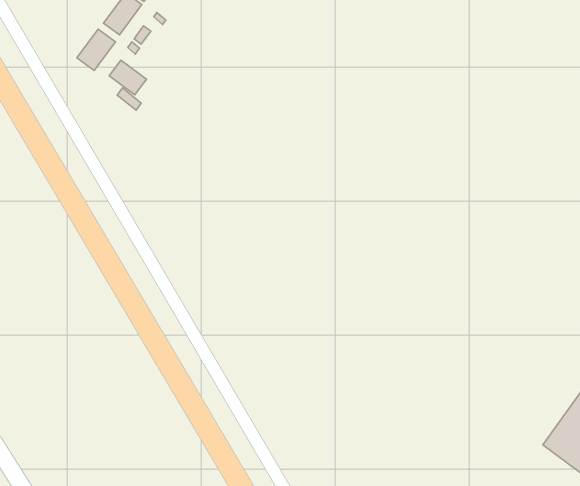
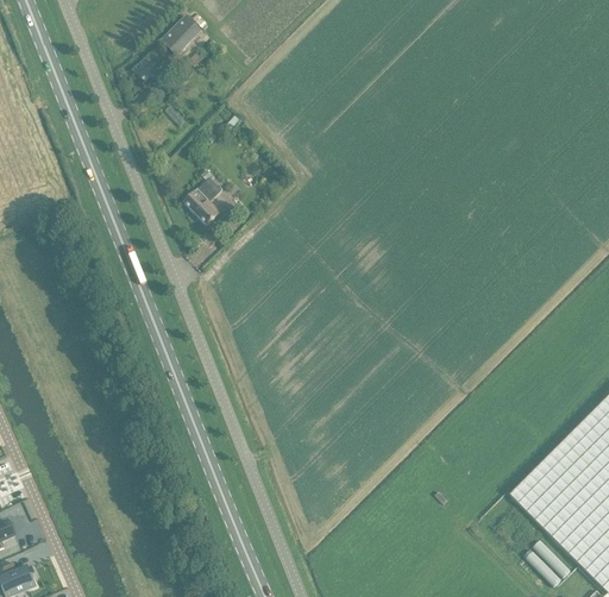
building: [109,60,146,95] -> none
building: none -> [184,176,222,225]

